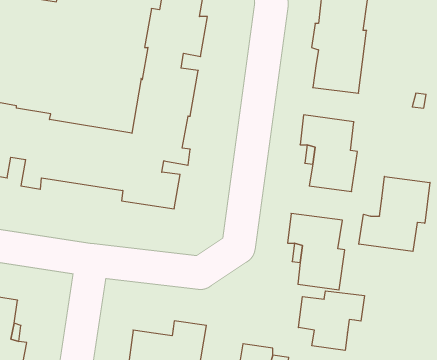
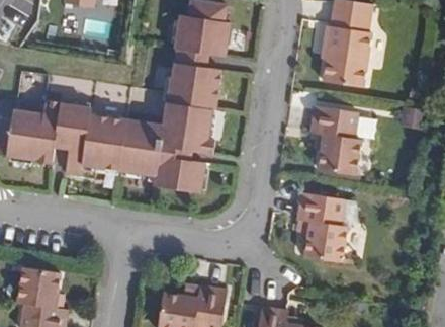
building: [359,176,430,251] -> none
building: [298,291,364,350] -> none

